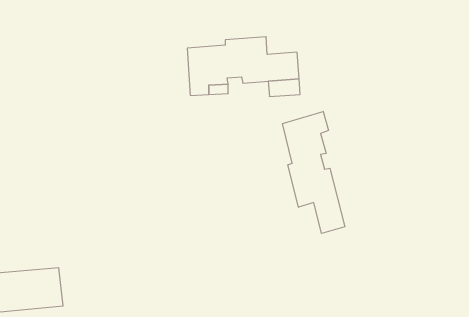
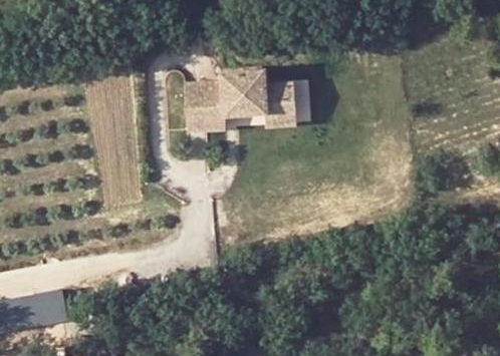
building: [282,111,345,233] -> none

